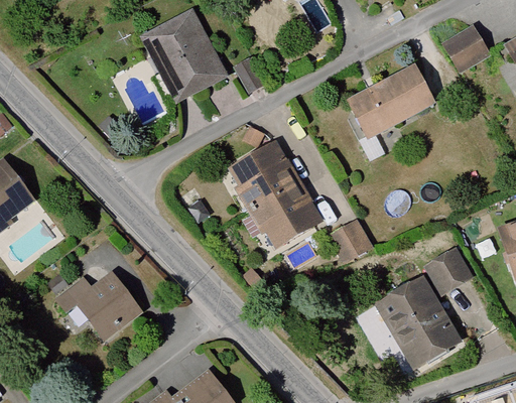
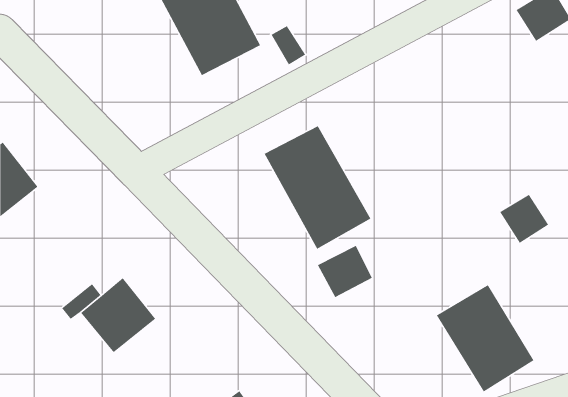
building: [346,63,435,139] -> none
building: [330,217,377,262] -> [317,245,373,298]
building: [426,252,469,294] -> [499,194,549,244]

